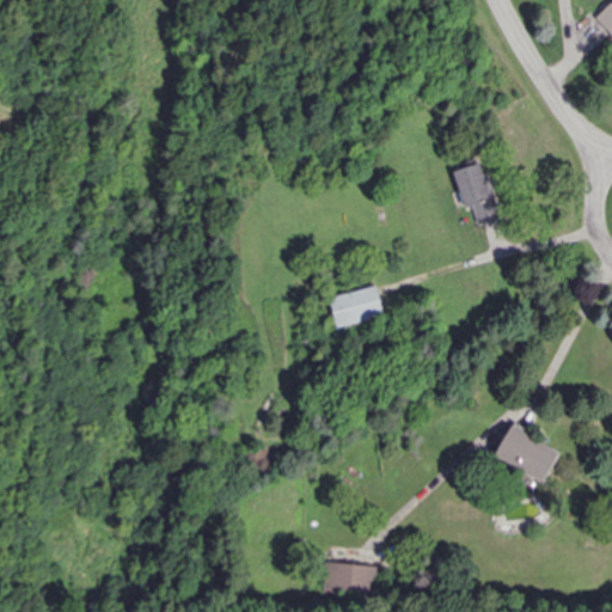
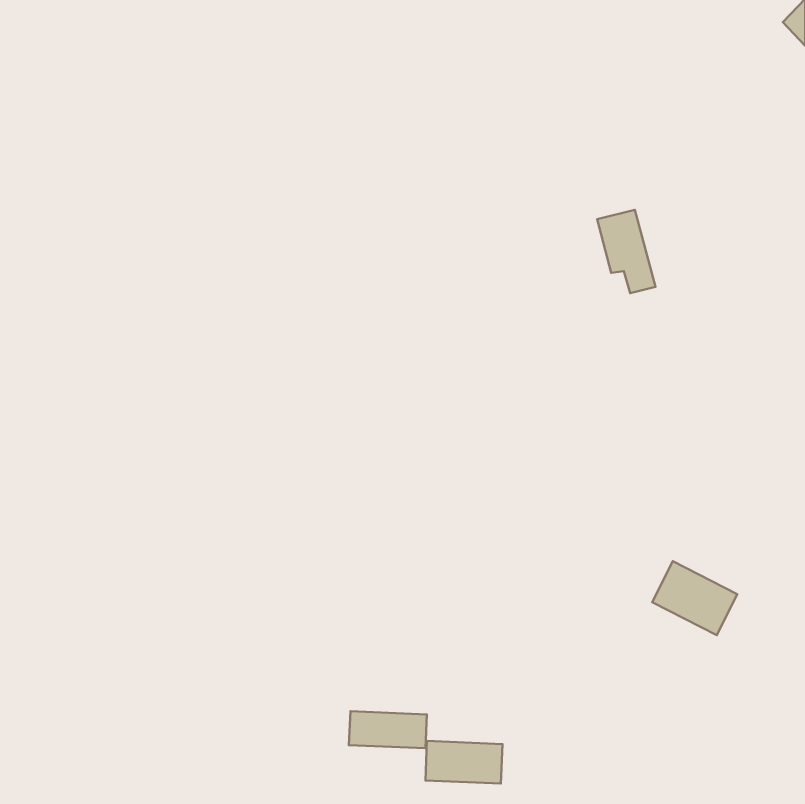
building: [330,287,382,324] -> none
building: none -> [349,711,427,748]

